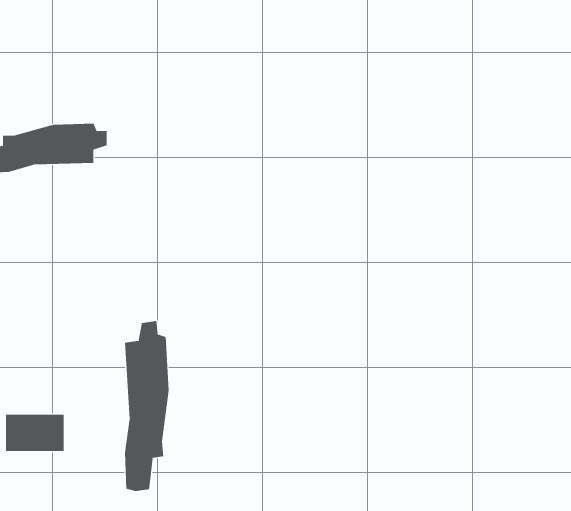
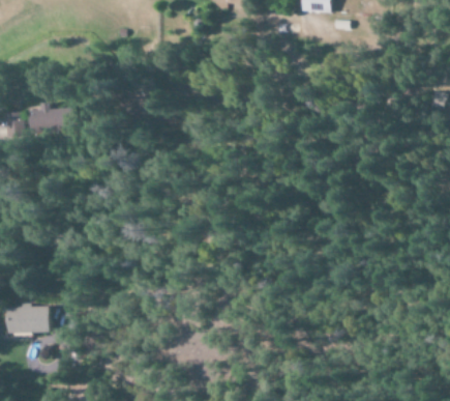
building: [124,320,169,492] -> none

